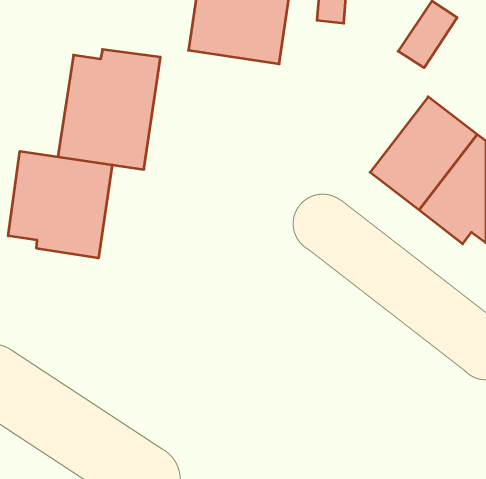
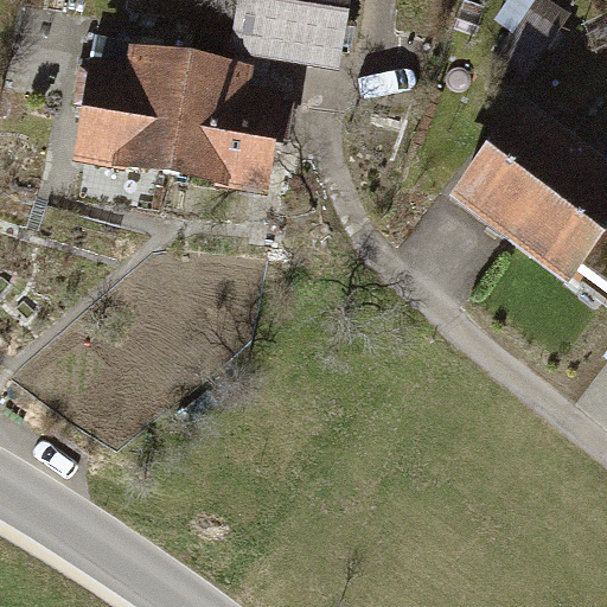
building: none -> [177,70,273,219]
building: [8,151,112,258] -> none

